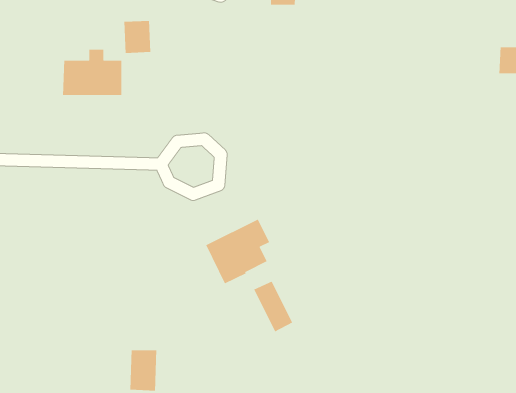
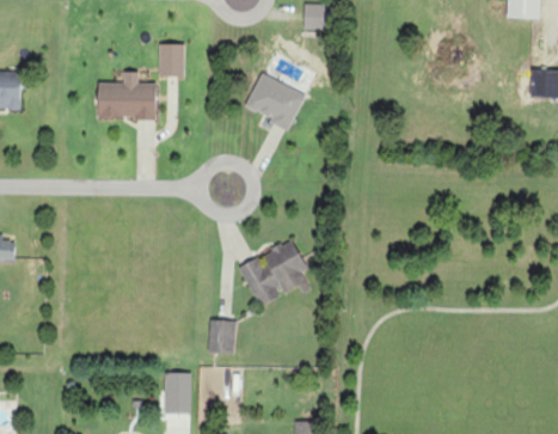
building: none -> [244,72,306,129]
building: [253,281,293,333] -> none
building: none -> [209,320,235,352]

